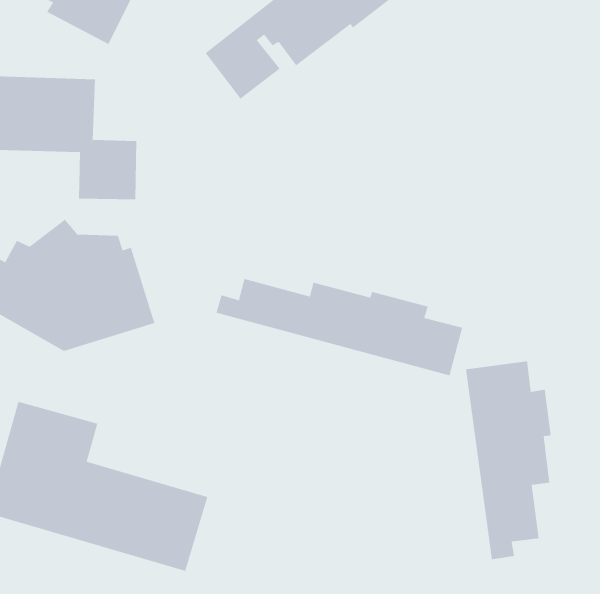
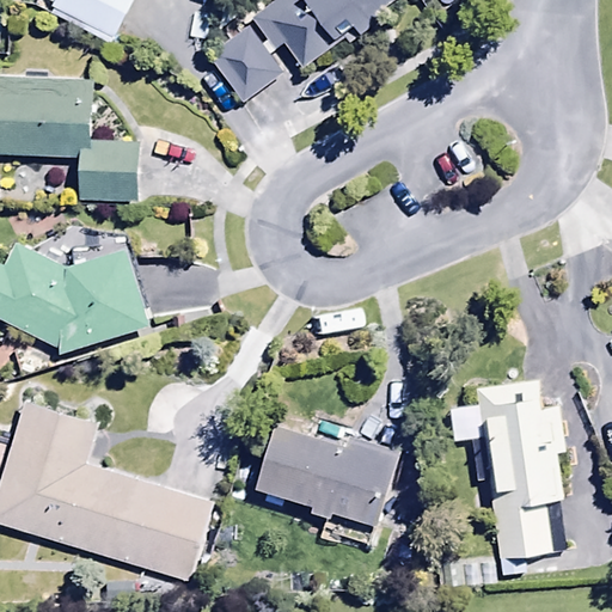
building: [216,278,463,376] -> none
building: none -> [258,424,402,547]

